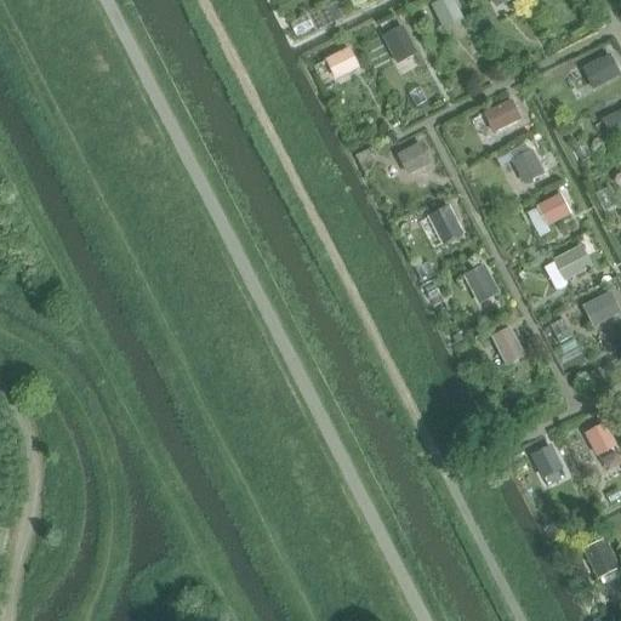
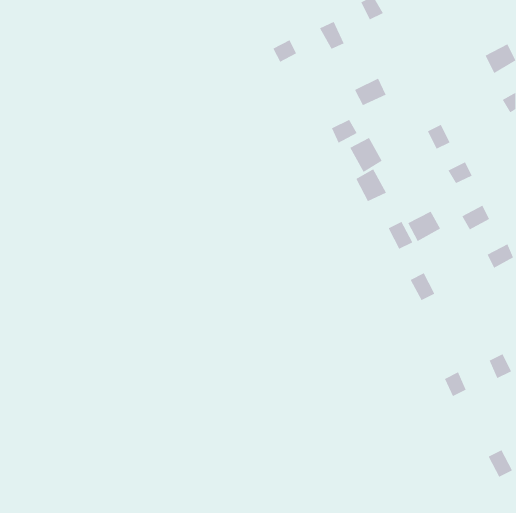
building: [483,97,522,131] -> [354,78,387,106]
building: none -> [350,137,383,173]
building: none -> [408,211,441,242]

